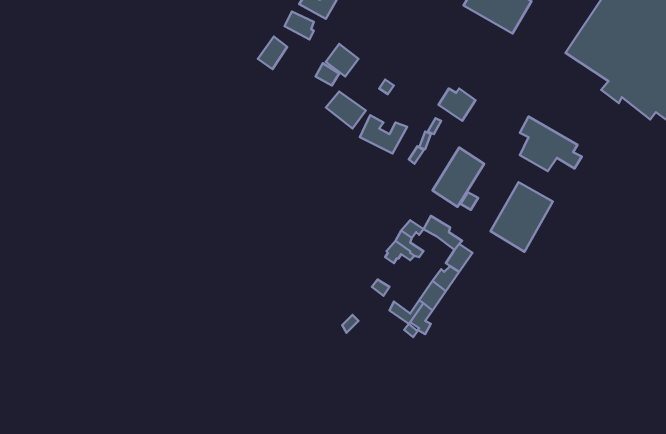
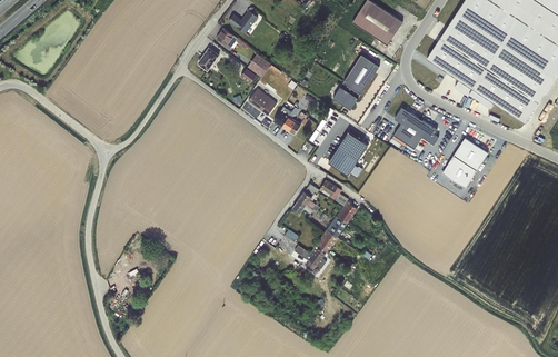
building: none -> [342,53,379,95]
building: [491,182,553,252] -> [442,137,489,189]

